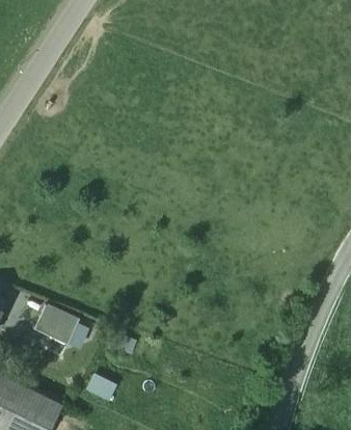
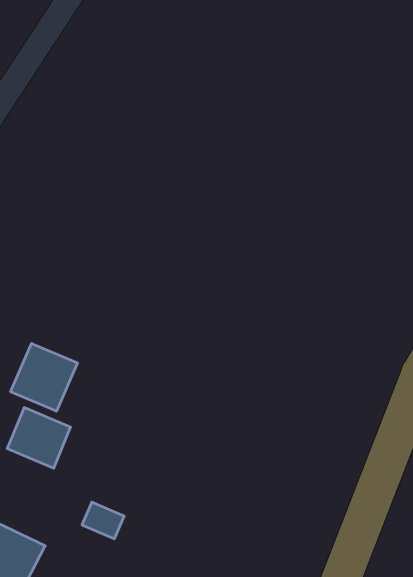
building: none -> [11,343,77,411]

